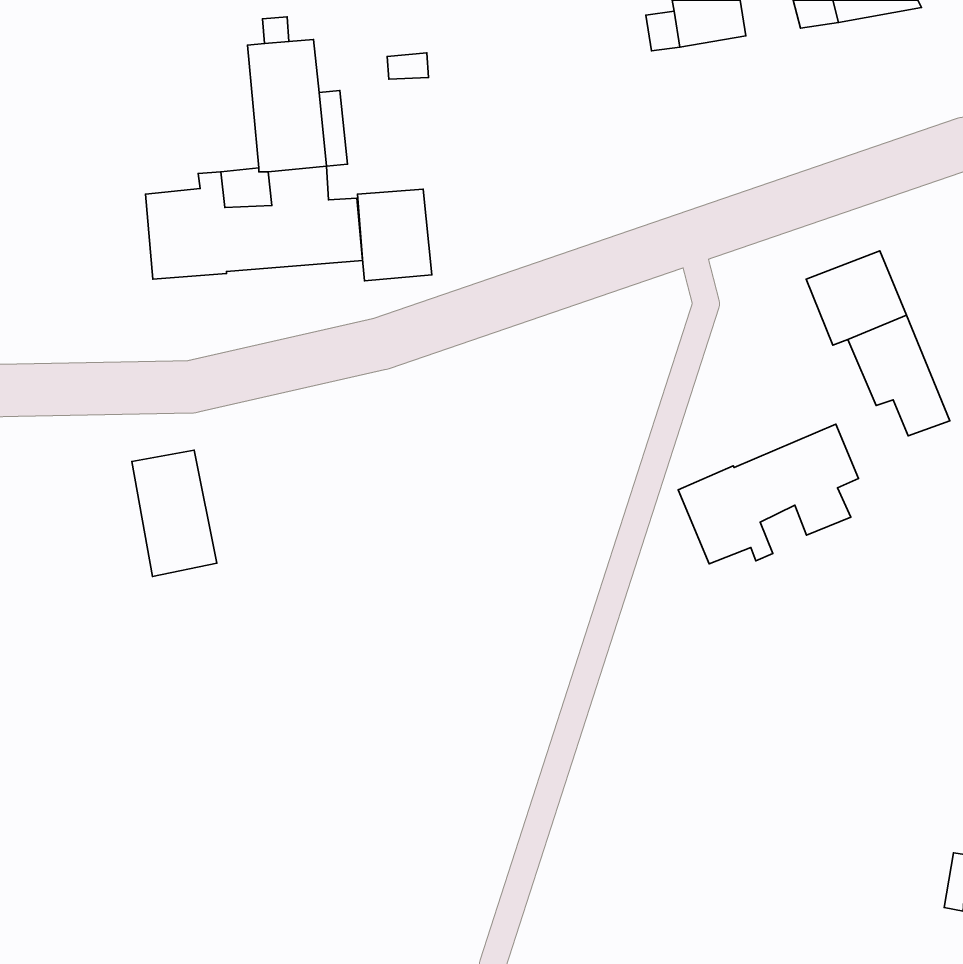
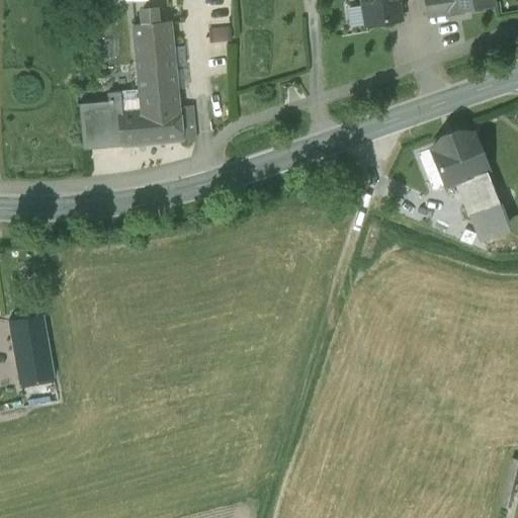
building: [358,189,432,281] -> none
building: [678,424,859,564] -> none
building: [132,450,217,576] -> [8,317,54,384]

